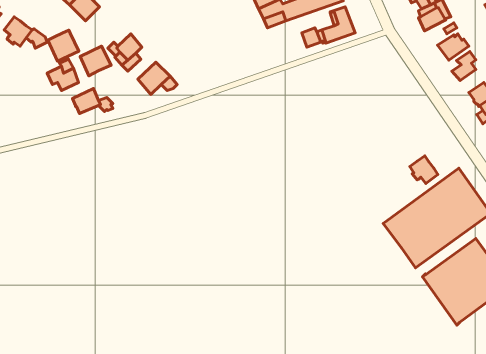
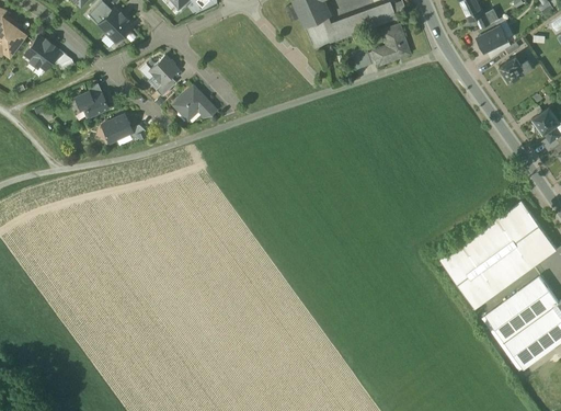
building: [48,30,79,61] -> none
building: [80,46,111,76] -> none
building: [452,52,476,81] -> none
building: [410,156,438,184] -> none

